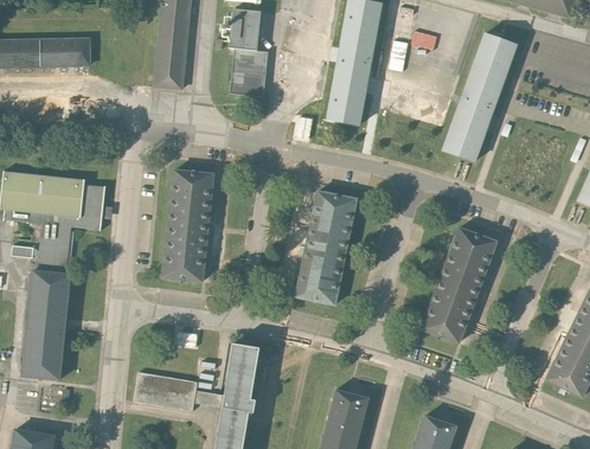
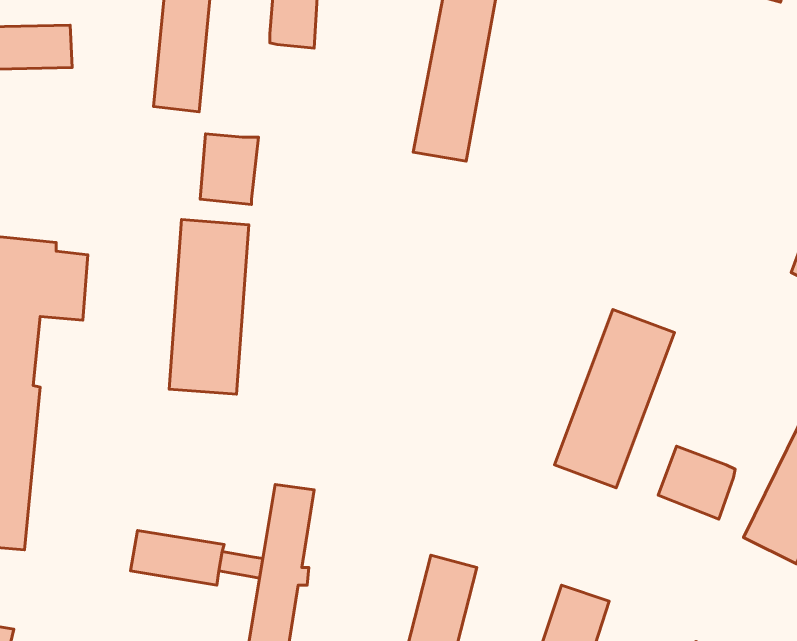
building: [445,38,521,166] -> none
building: [230,47,269,95] -> [200,134,259,204]
building: [294,187,358,306] -> none
building: none -> [658,446,735,519]

